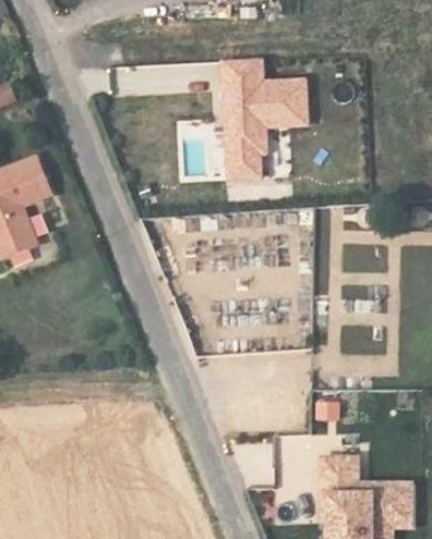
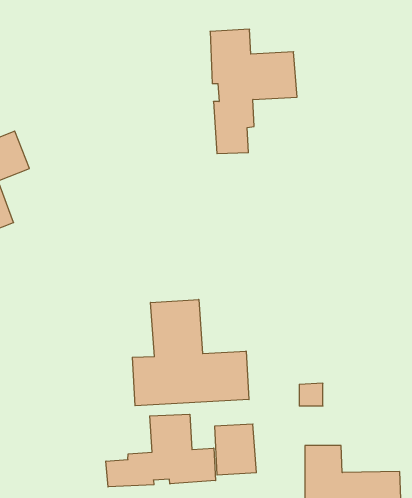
building: none -> [132,299,249,406]
building: none -> [106,414,216,487]

